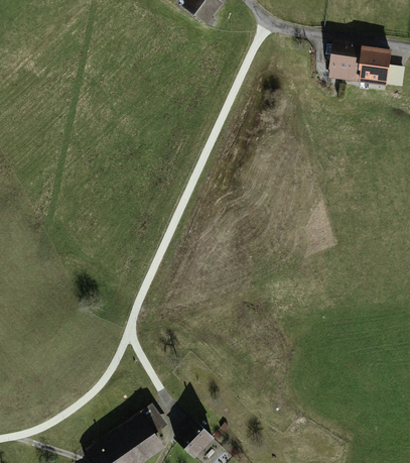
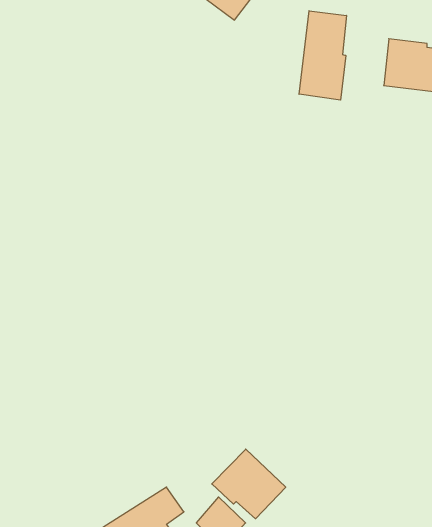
building: none -> [299,11,346,100]
building: none -> [212,449,286,519]

